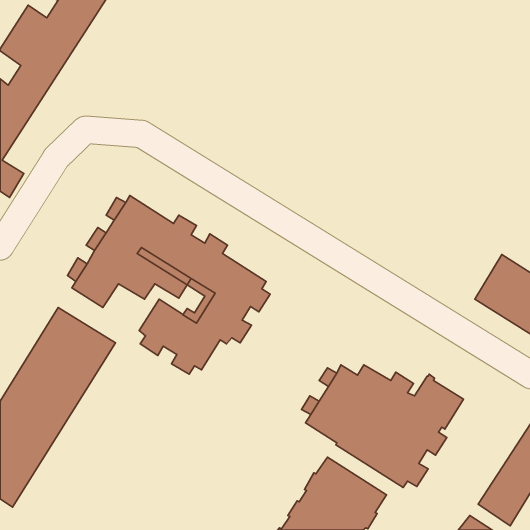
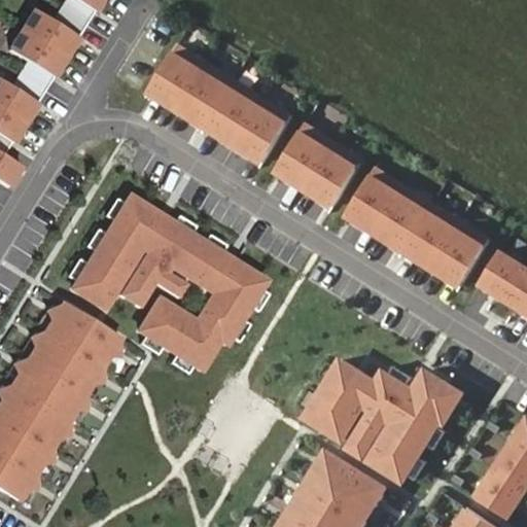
building: none -> [146,44,290,164]
building: none -> [274,125,360,208]
building: none -> [344,170,488,288]

